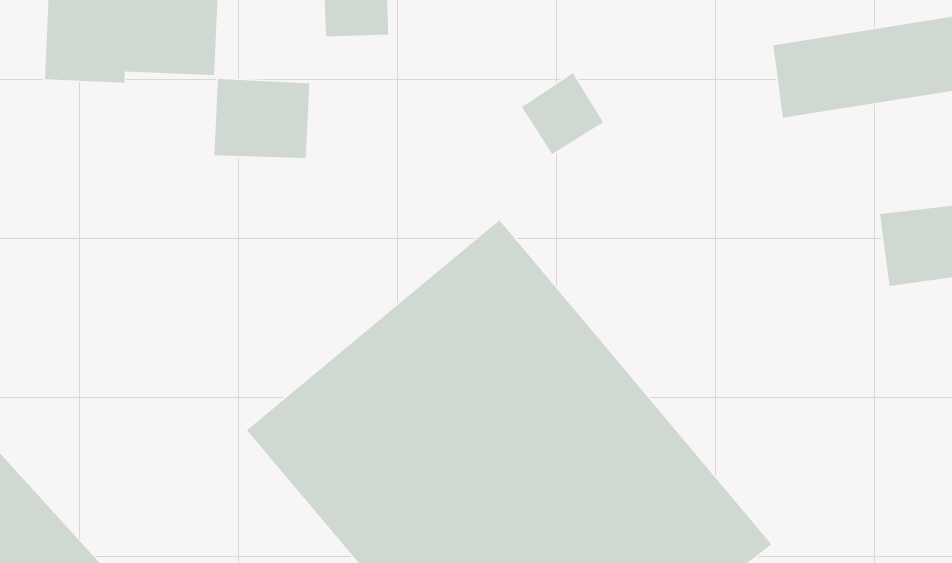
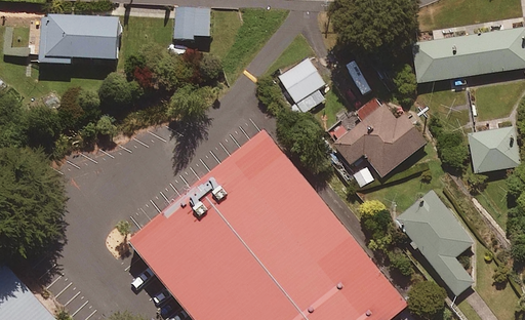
building: [214,78,310,159] -> none
building: none -> [334,96,429,177]
building: none -> [398,192,474,295]

